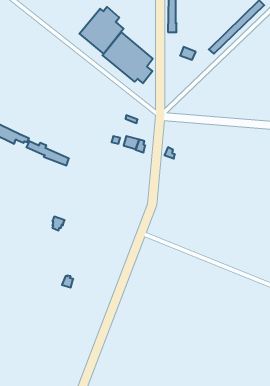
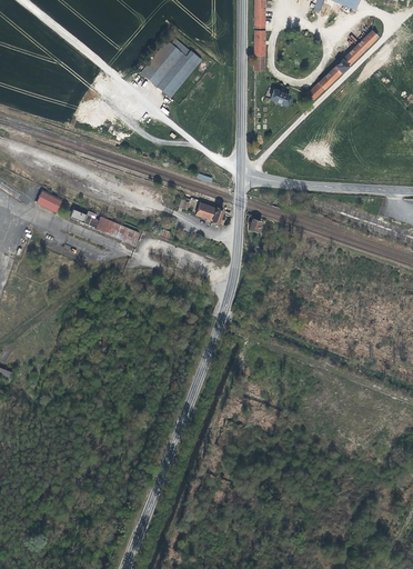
building: [102,32,153,83] -> none

